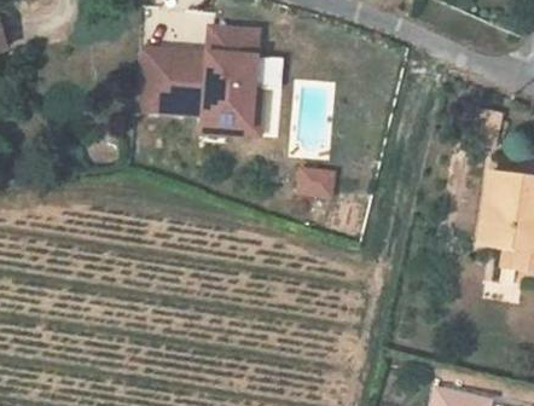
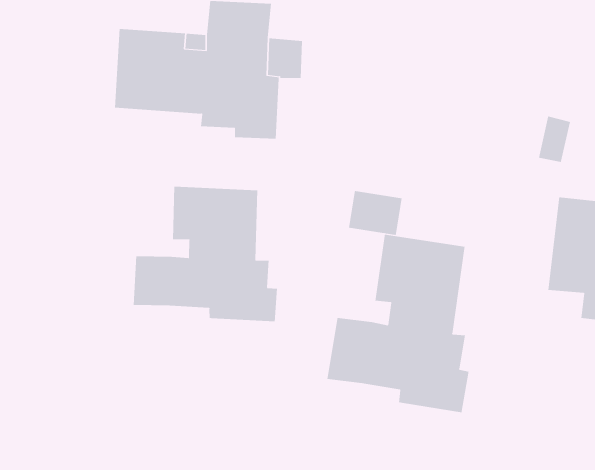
building: none -> [133,186,277,322]
building: none -> [327,234,469,413]

